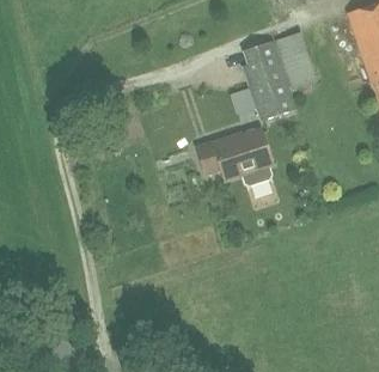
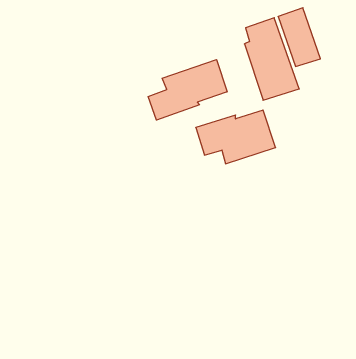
building: none -> [148,60,227,120]

